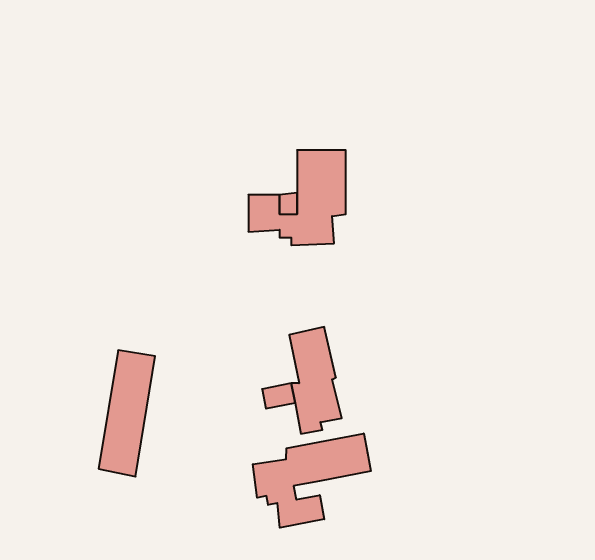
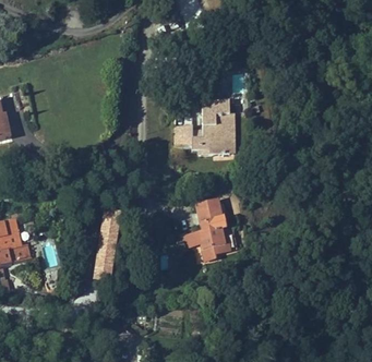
building: [253,433,371,528] -> none

